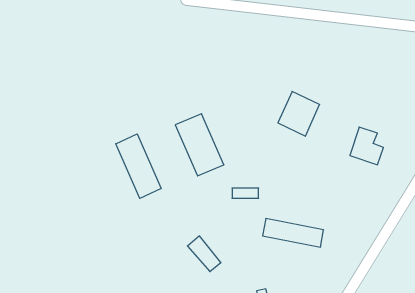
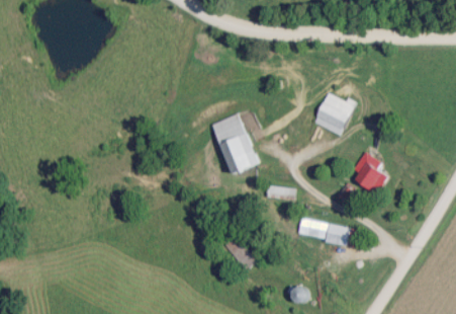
building: [350,127,383,165] -> [353,153,386,190]
building: [116,134,161,198] -> none

